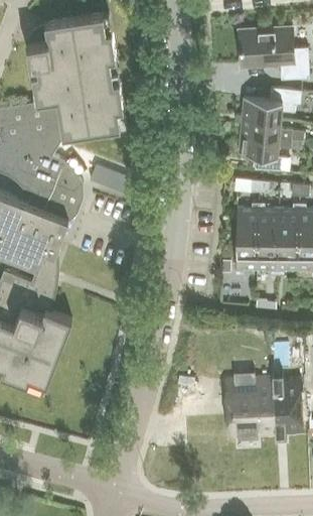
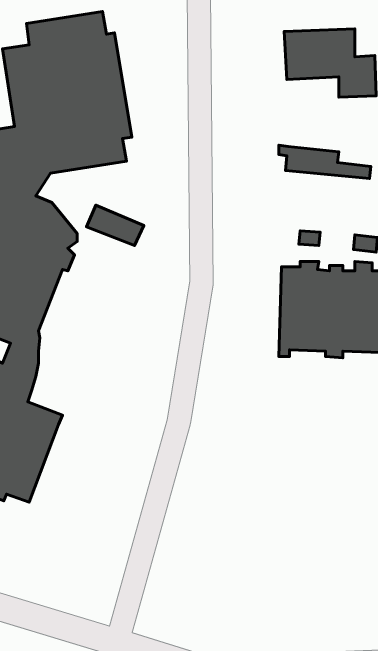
building: [242,89,301,122] -> none
building: [238,136,303,170] -> none
building: [224,378,303,439] -> none

